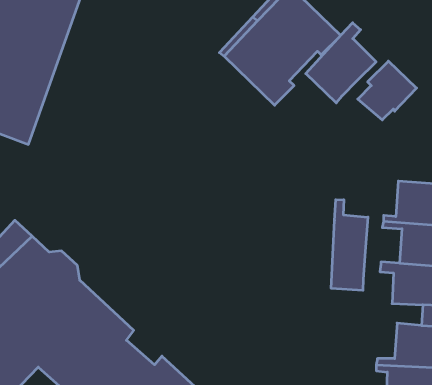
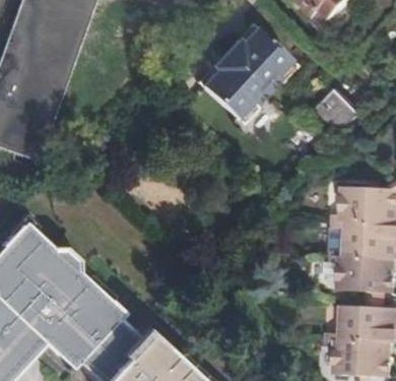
building: [306,23,376,103] -> none
building: [331,200,368,290] -> none

